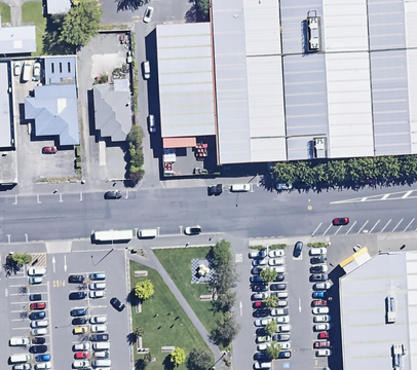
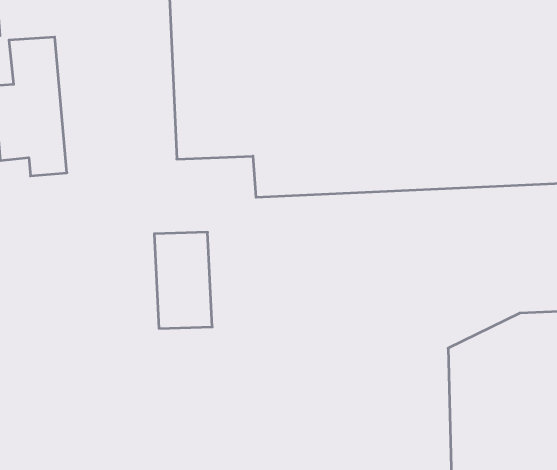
building: [98,80,137,145] -> [154,232,212,328]

